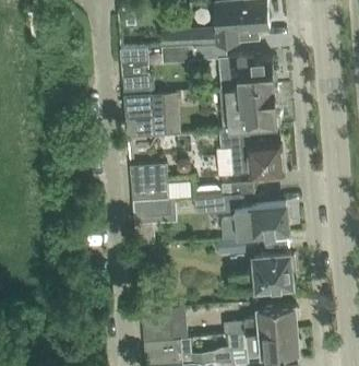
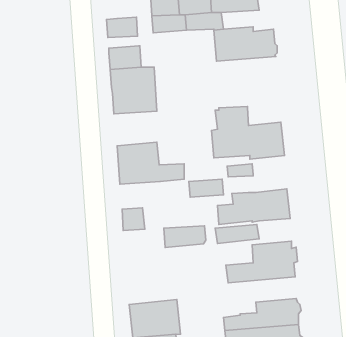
building: [219,84,280,131] -> none
building: [132,199,170,219] -> [164,226,206,247]

